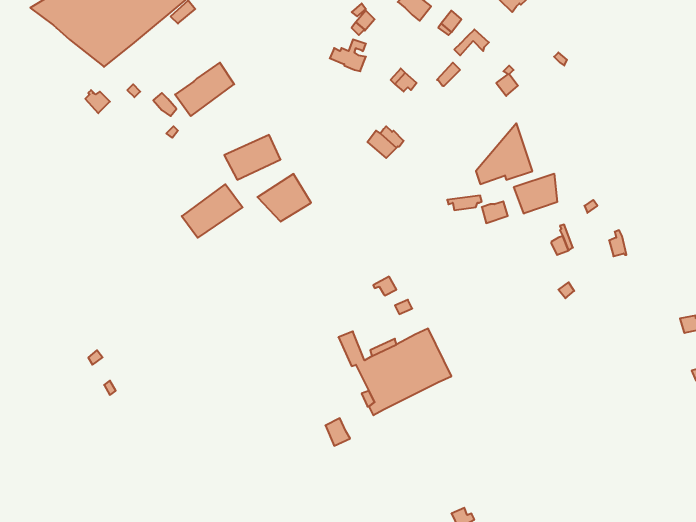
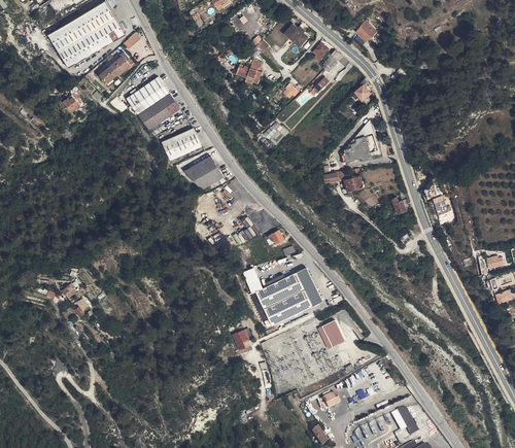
building: none -> [99,51,130,81]
building: [514,174,557,214] -> none
building: [182,184,243,238] -> [137,92,180,130]
building: none -> [317,319,344,348]

